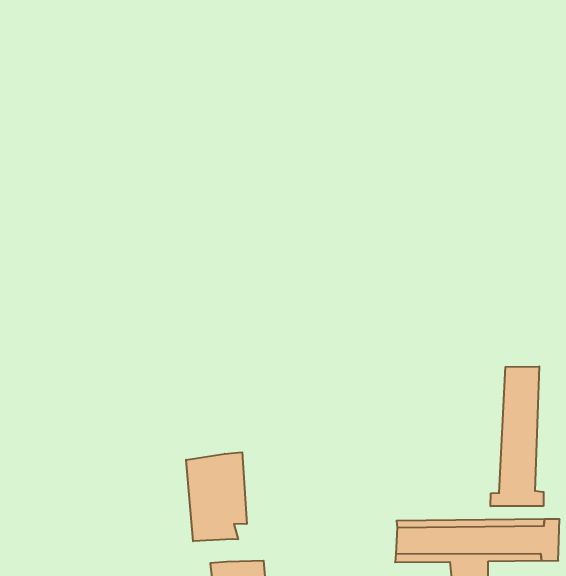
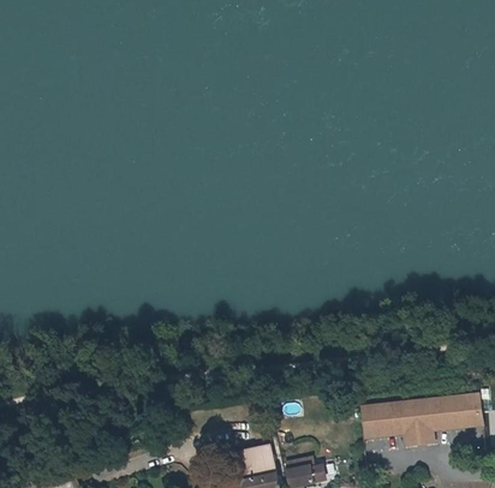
building: [491,366,544,506] -> none
building: [186,452,247,541] -> none

